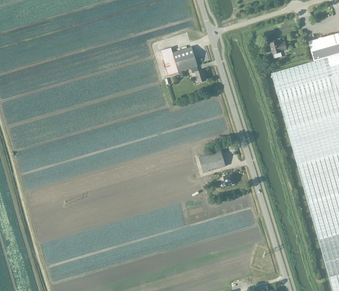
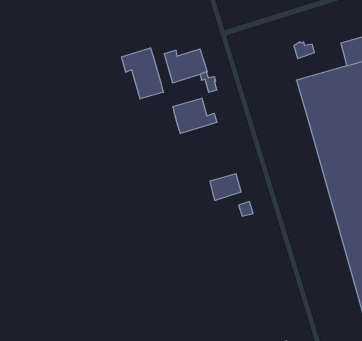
building: none -> [121,48,164,99]
building: none -> [173,98,217,134]

